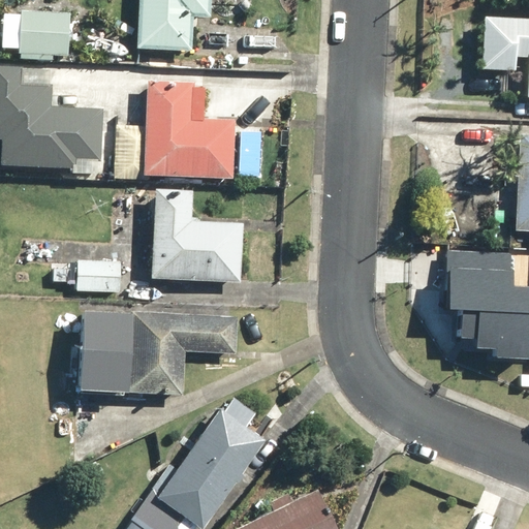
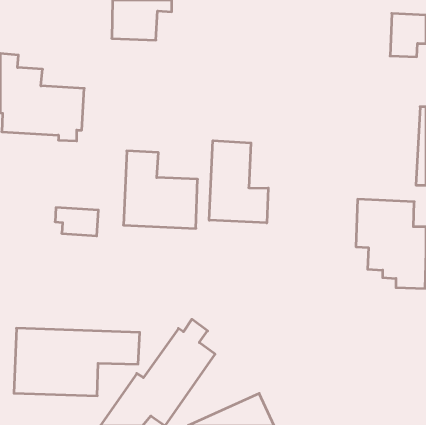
building: [4,10,72,62] -> none
building: [145,81,247,178] -> none
building: none -> [209,141,268,223]
building: [80,309,236,393] -> [14,328,140,396]

